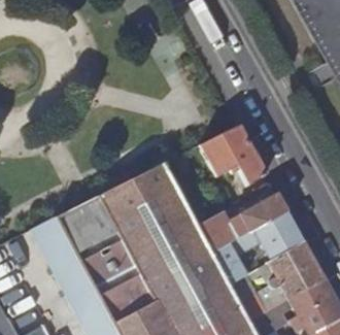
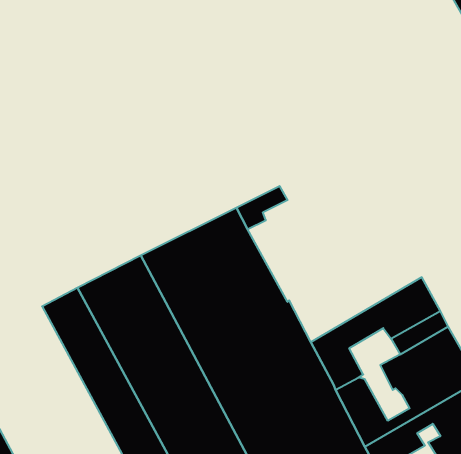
building: [199,125,267,185] -> none
building: [198,193,286,253] -> none

